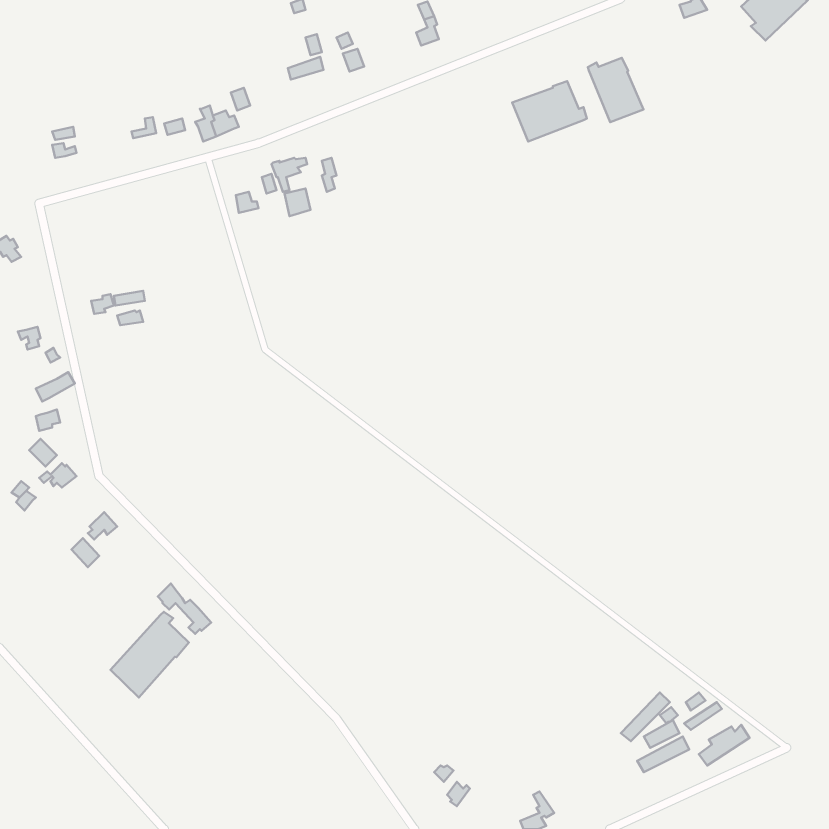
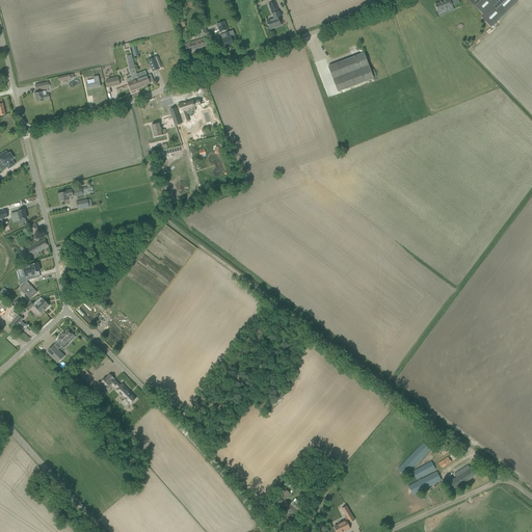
building: [588,58,644,122] -> none
building: [110,612,189,697] -> none

